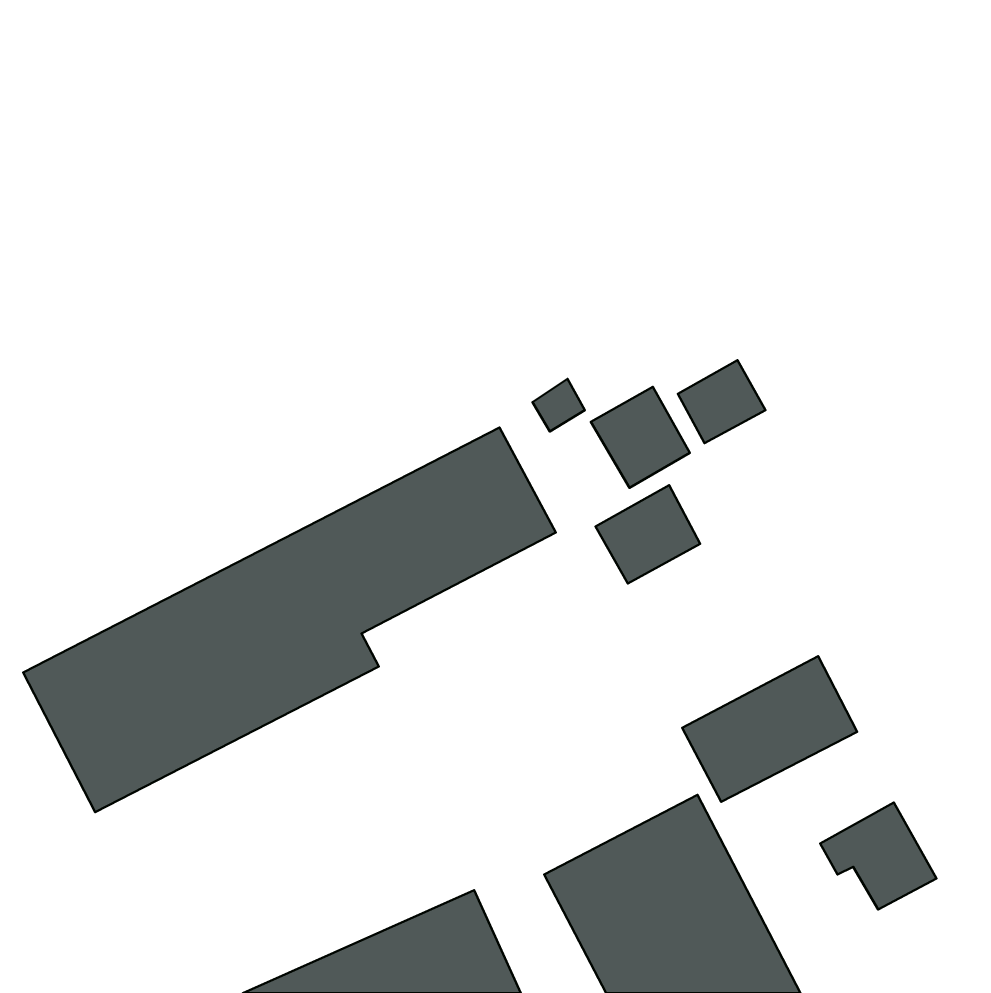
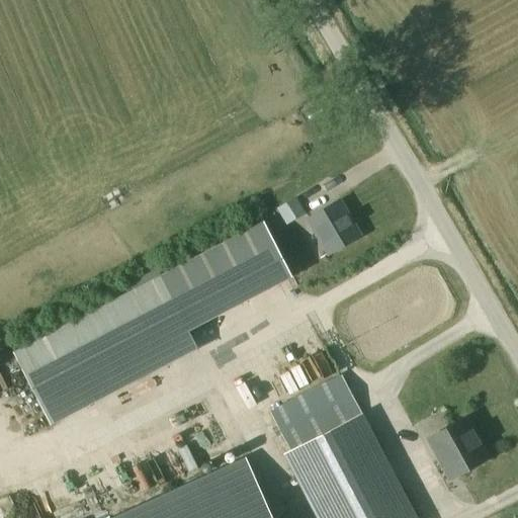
building: [678,360,765,443] -> none
building: [596,485,700,584] -> none
building: [682,656,857,802] -> [269,374,360,450]

